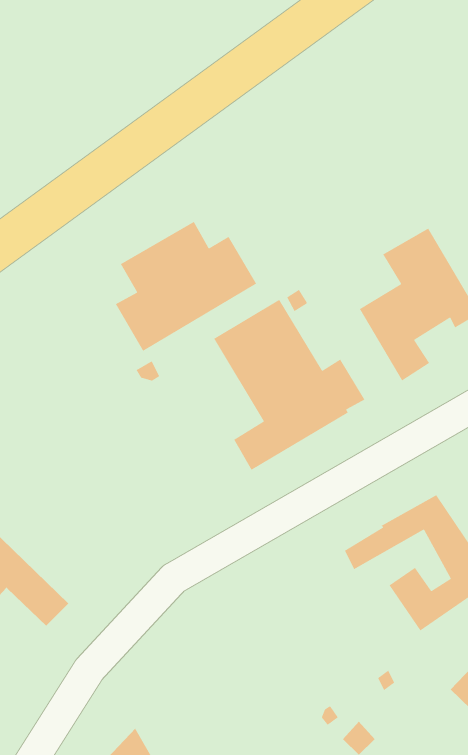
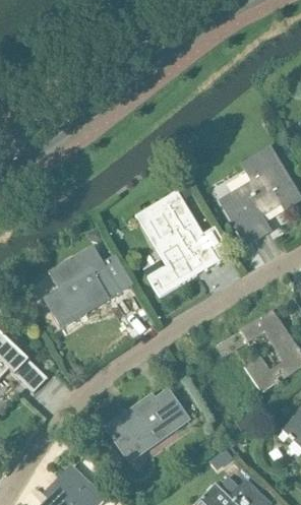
building: [115,221,257,352] -> [44,245,131,325]
building: none -> [107,390,188,460]

